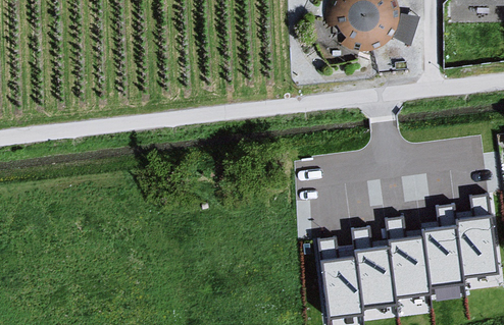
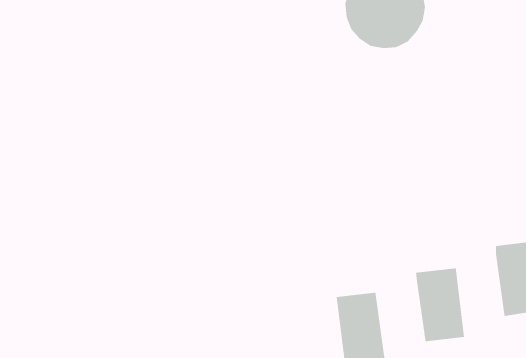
building: [426,222,467,284] -> none
building: [360,245,401,305] -> none

